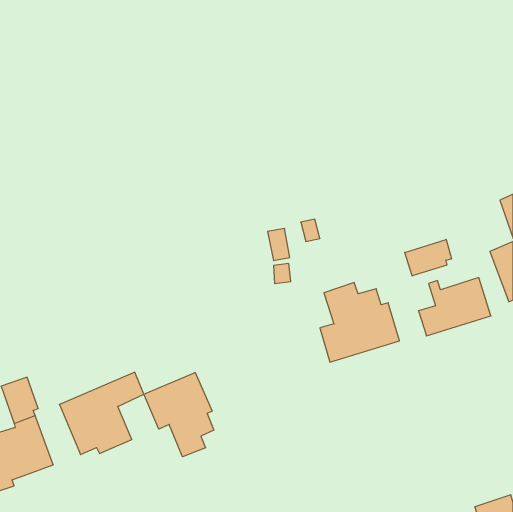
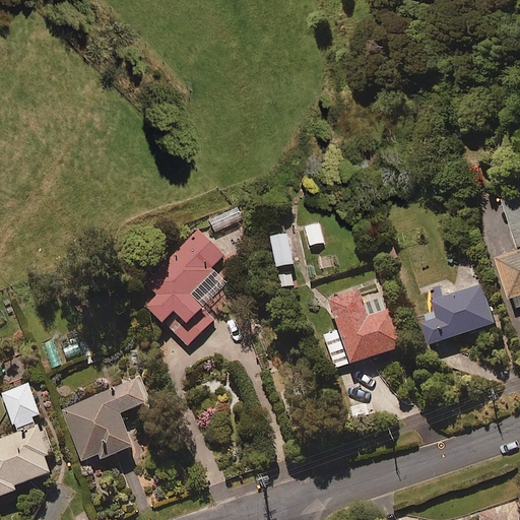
building: none -> [141,231,234,348]
building: [405,239,451,276] -> none
building: [144,372,214,457] -> none

